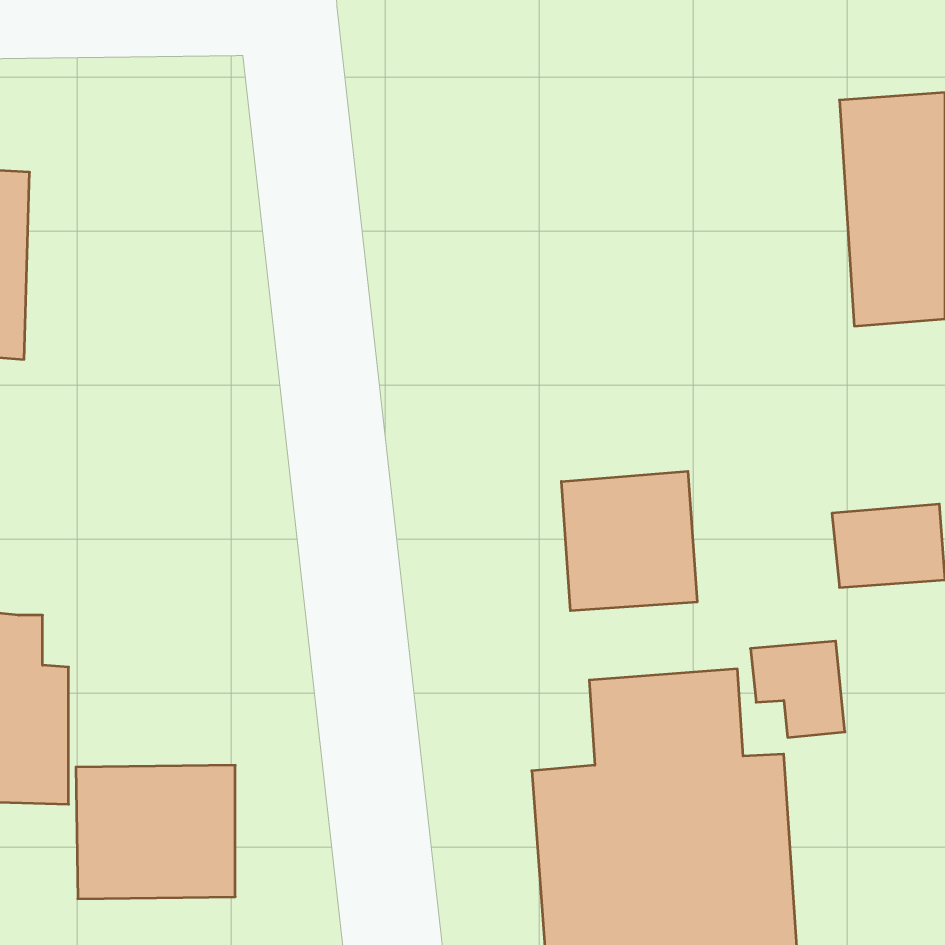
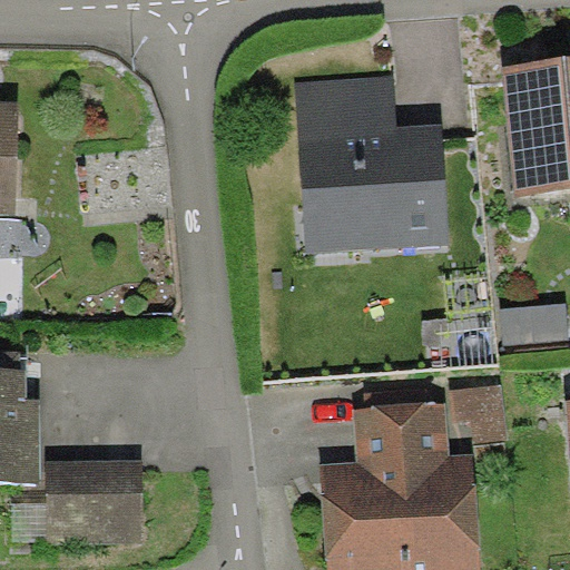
building: none -> [295,76,450,254]
building: [561,471,697,611] -> none

